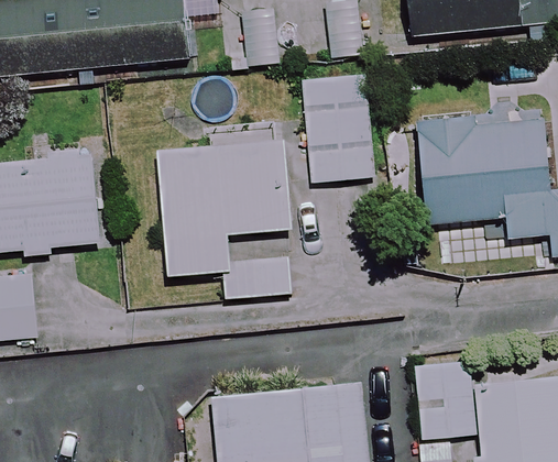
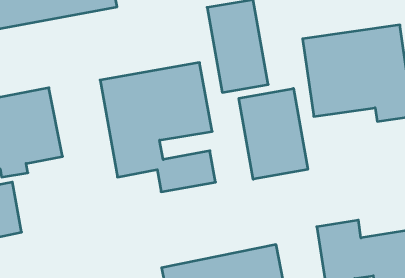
building: none -> [239,88,308,179]

